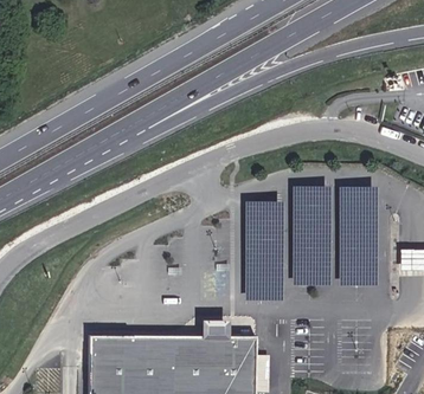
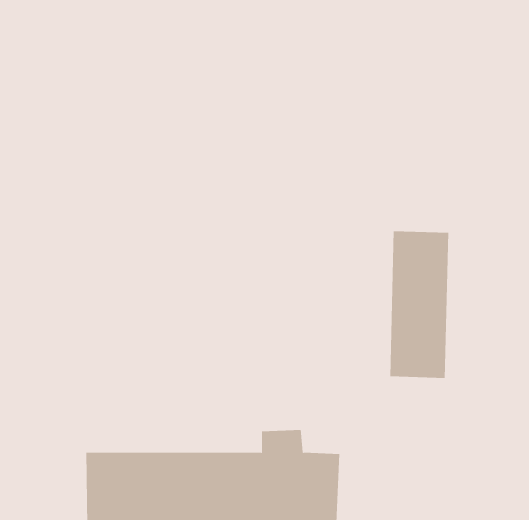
building: [340,187,378,285] -> none
building: [244,201,288,303] -> none

